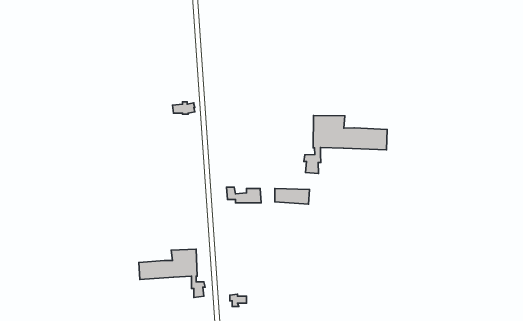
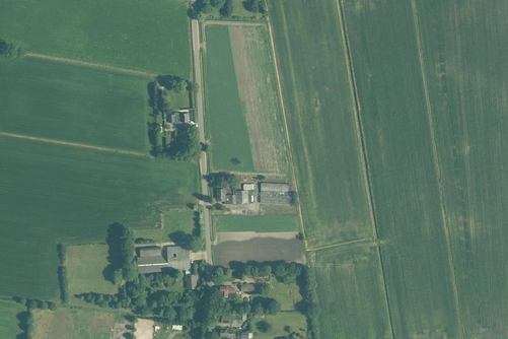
building: [304,115,387,173] -> none

